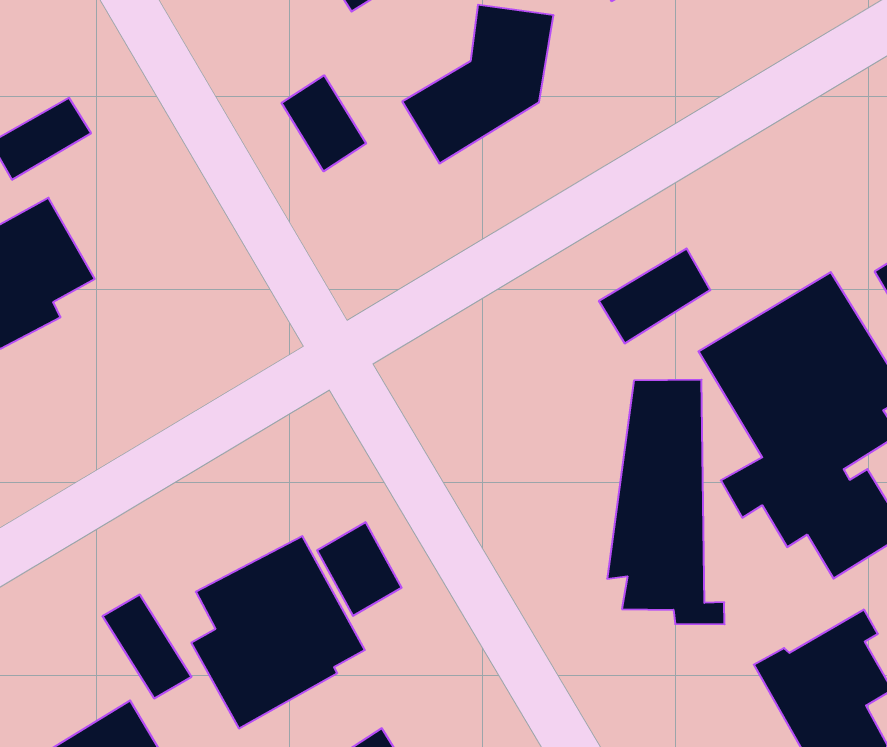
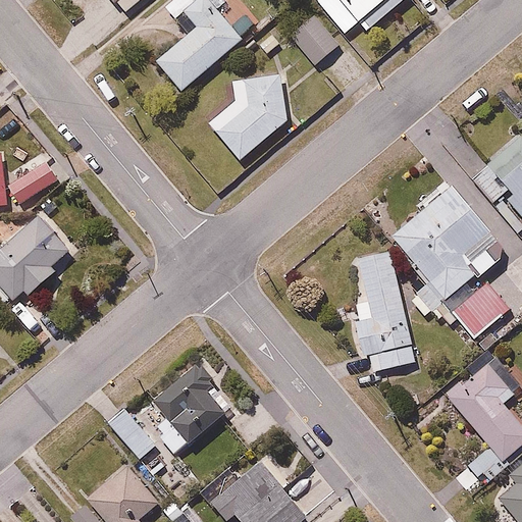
building: [282,75,366,171] -> none
building: [599,248,710,344] -> none
building: [317,522,402,616] -> none

